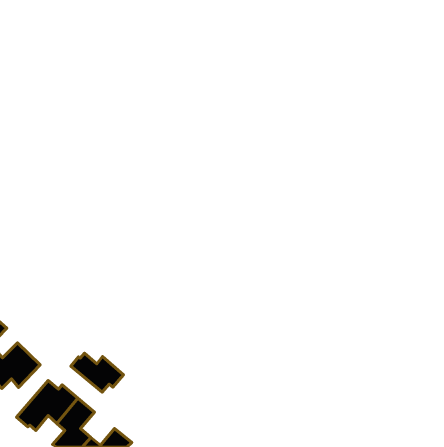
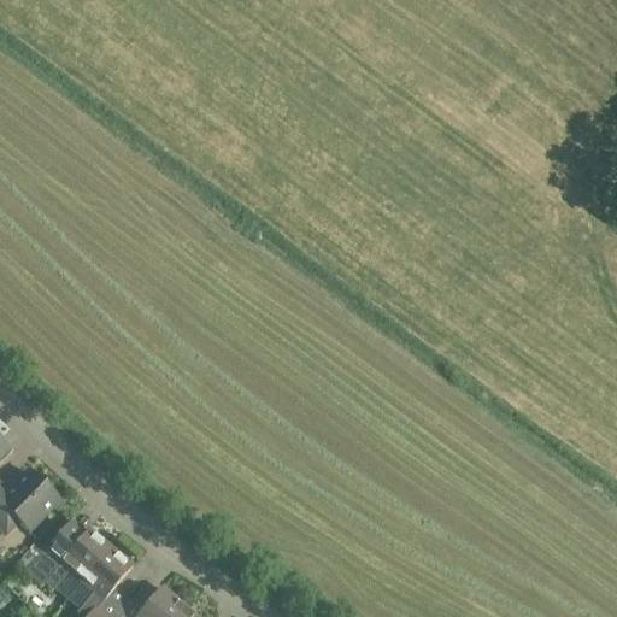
building: [71,353,124,392] -> none

